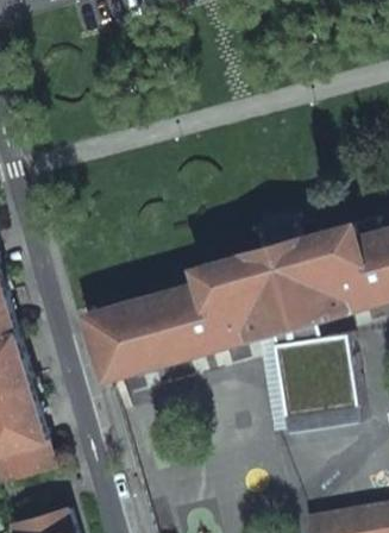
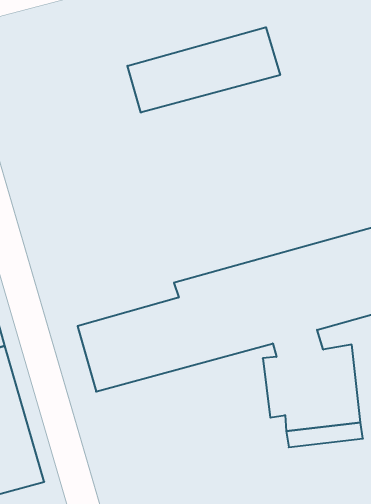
building: none -> [127,27,280,113]

